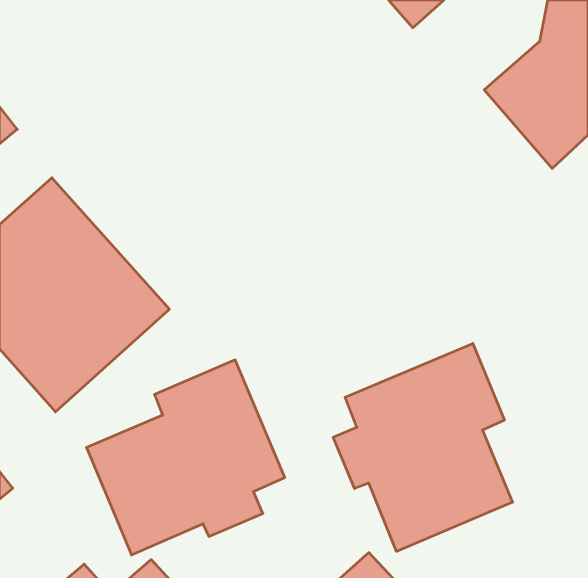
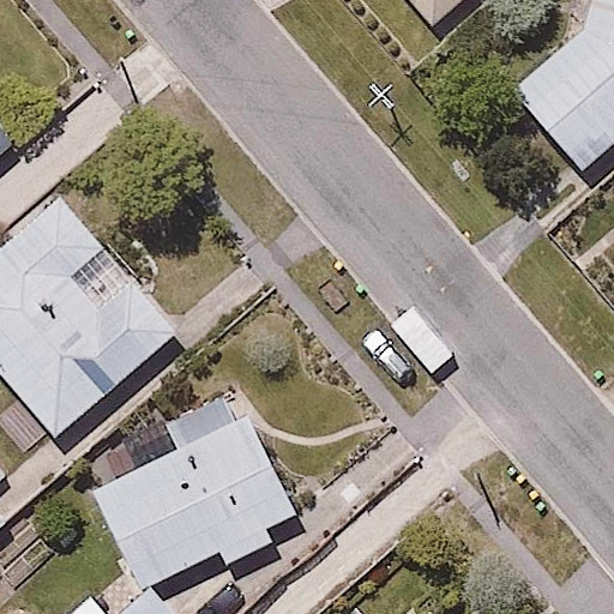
building: [333,343,513,551] -> none

